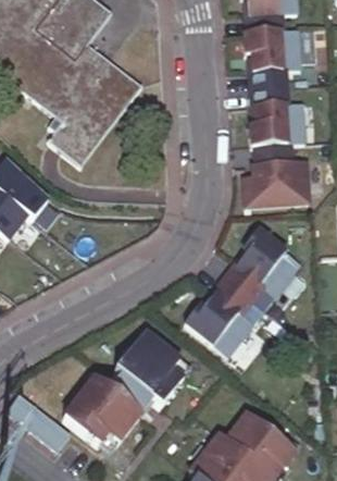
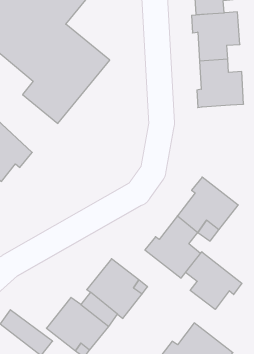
building: [248,141,314,202] -> none
building: none -> [186,252,242,309]

